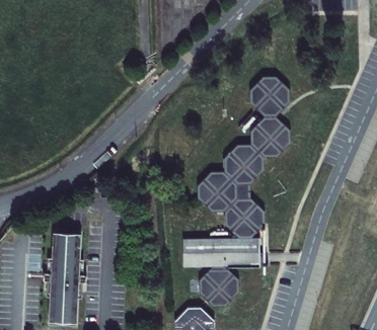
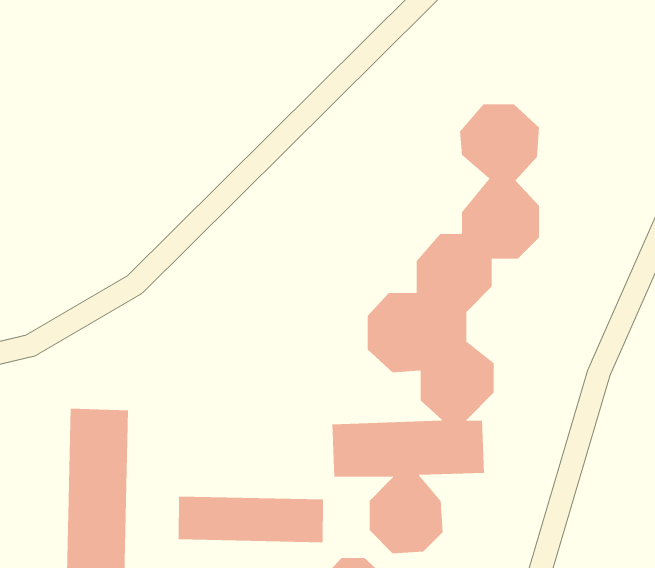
building: none -> [178,496,324,543]

